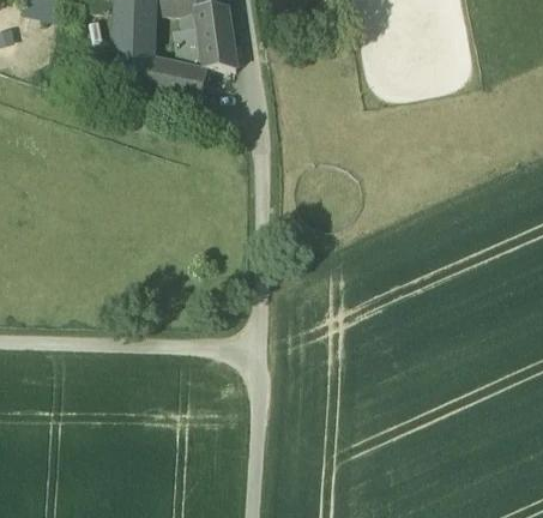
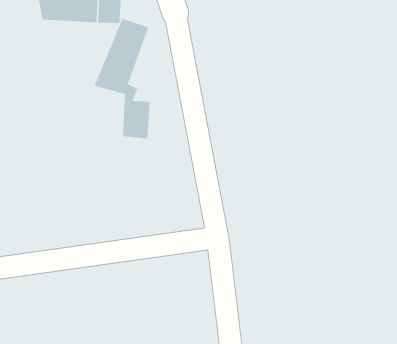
building: none -> [94,18,150,139]

